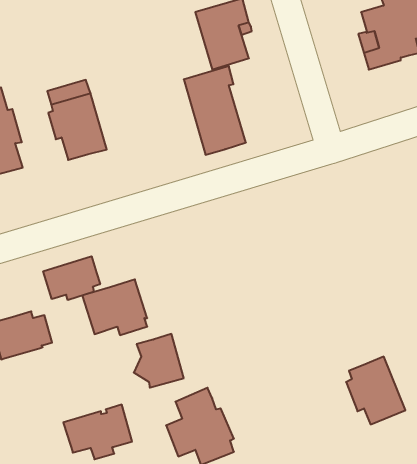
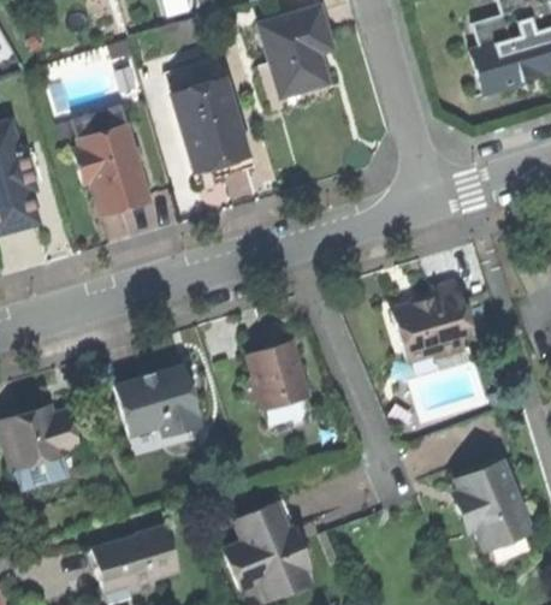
building: [184,66,246,155] -> [165,58,244,171]
building: none -> [391,281,468,361]
building: [43,256,100,300] -> none
building: [134,334,184,388] -> [244,342,308,410]
building: none -> [17,452,70,490]

